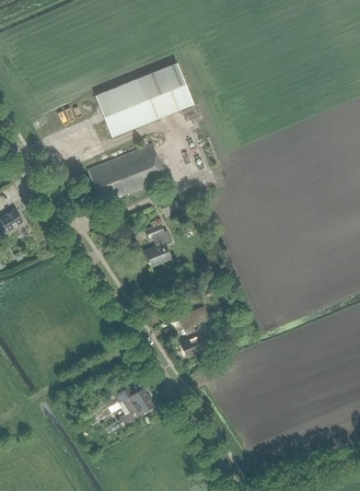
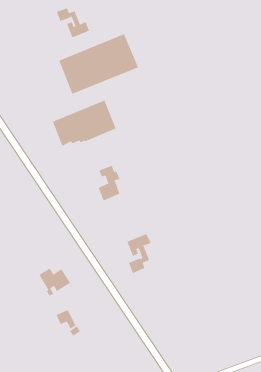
building: none -> [56,8,90,38]
building: [114,386,153,421] -> [39,268,71,296]

